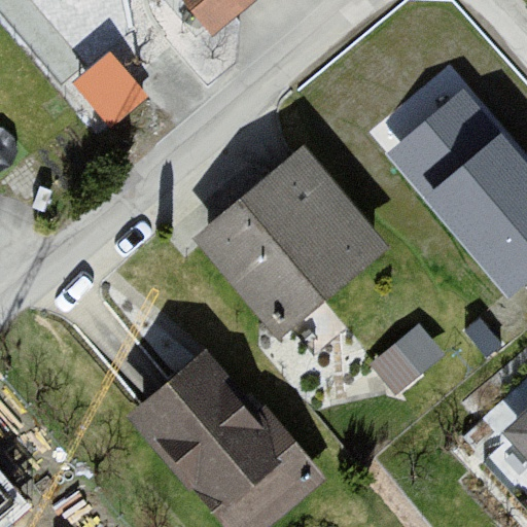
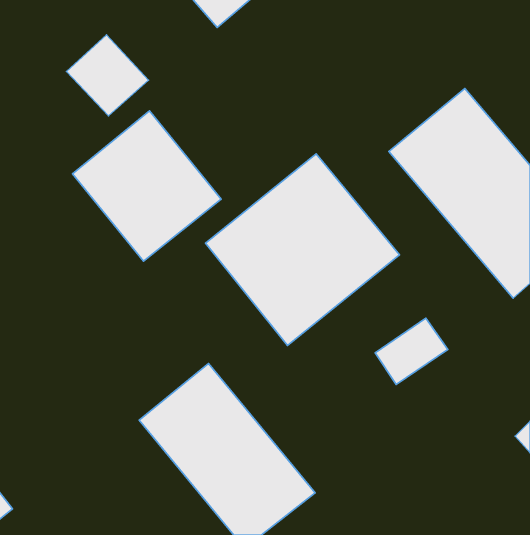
building: none -> [72,111,221,261]

